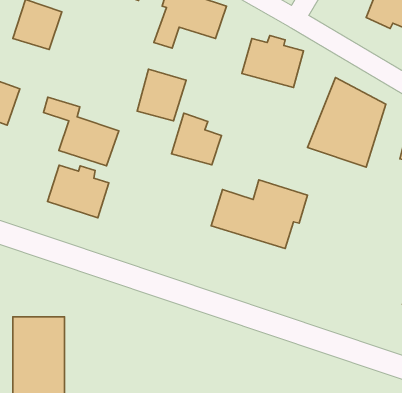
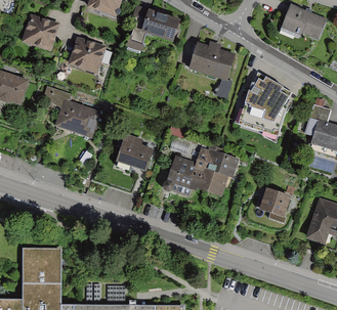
building: [137,69,186,121] -> [69,35,104,73]
building: [171,113,222,165] -> [117,133,154,171]
building: [47,165,109,218] -> none
building: none -> [259,187,290,218]

